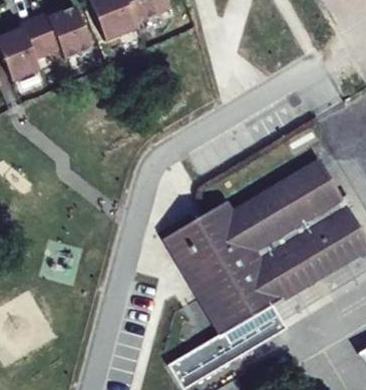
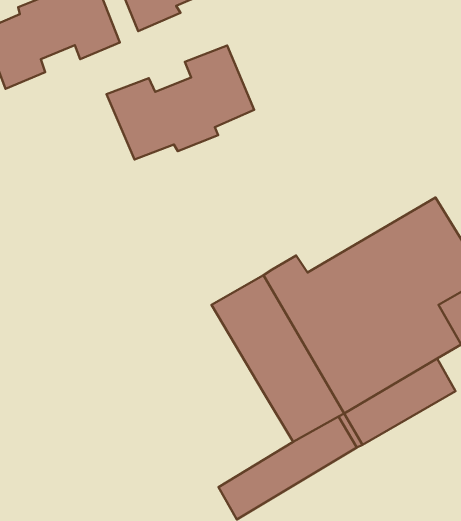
building: none -> [106,46,254,160]

